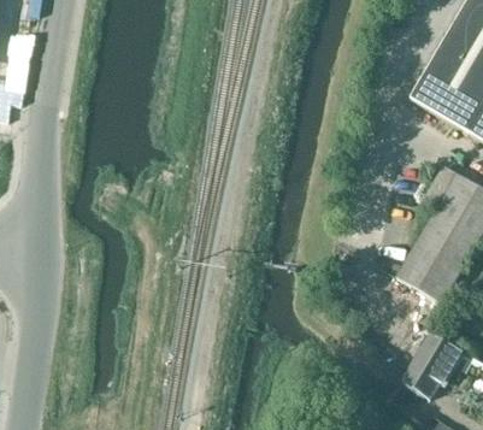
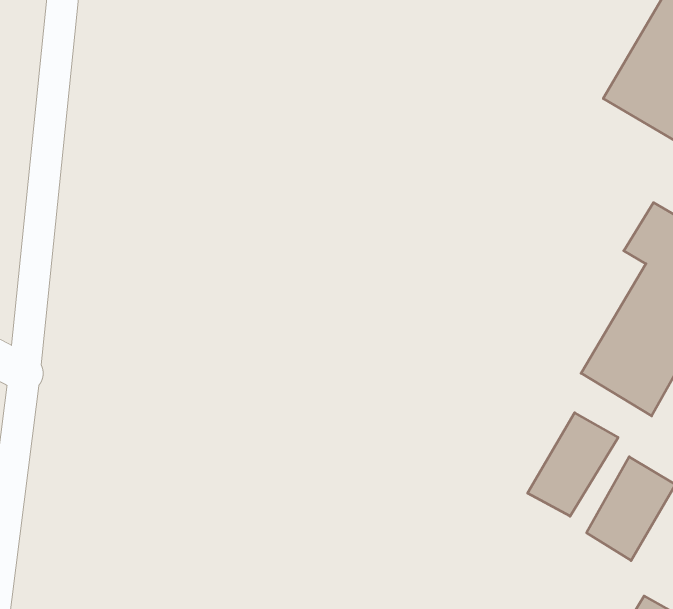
building: none -> [528,413,618,516]

